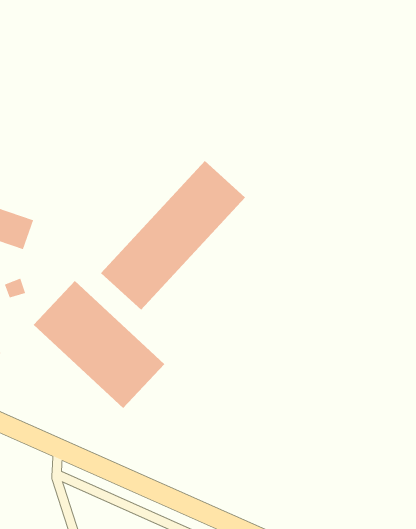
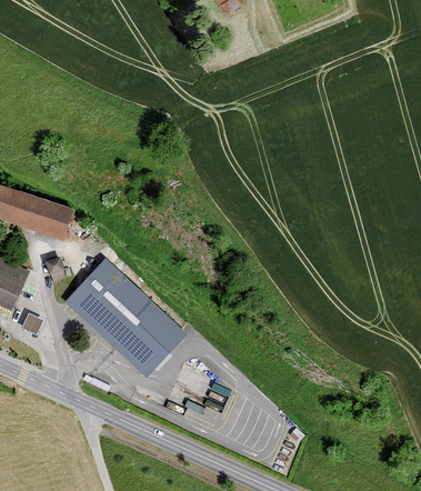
building: [100,160,246,310] -> none

